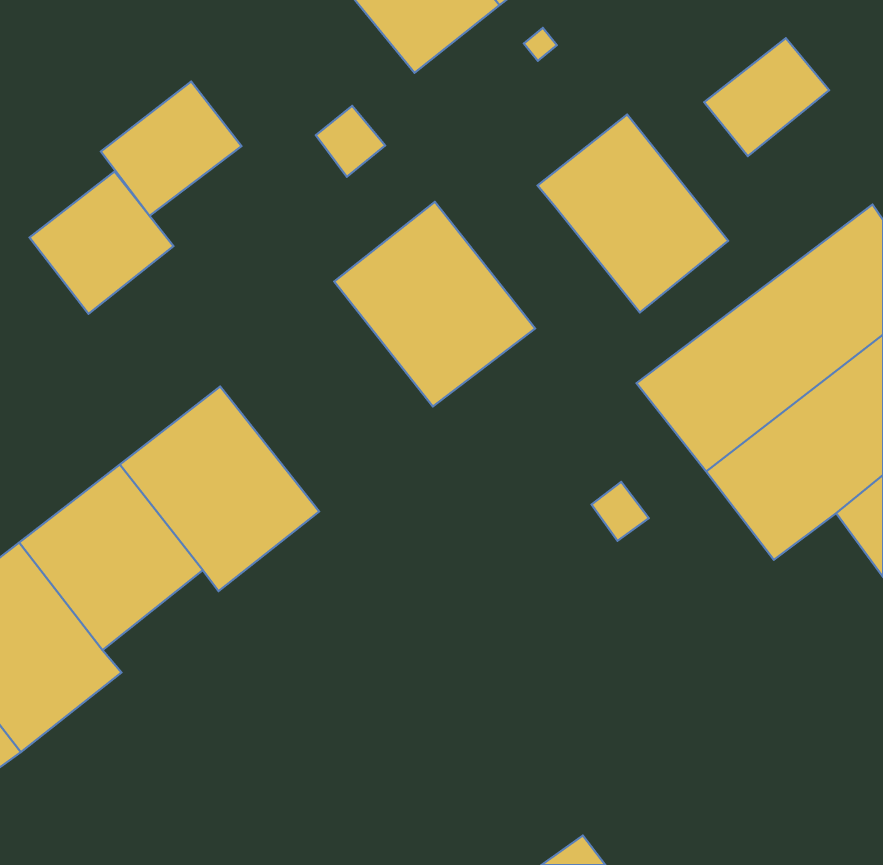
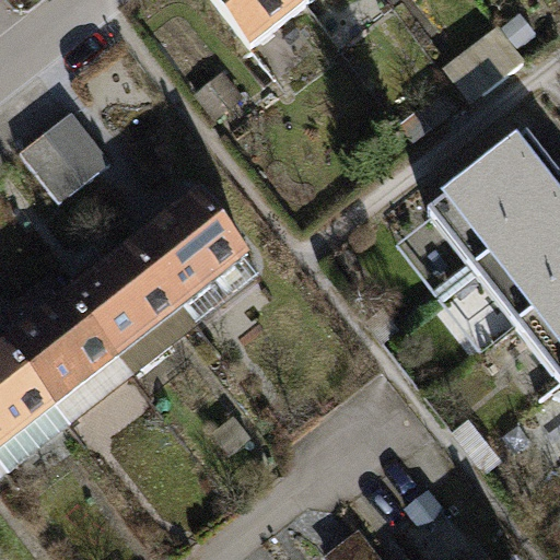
building: [101,82,241,216] -> none
building: [537,114,728,312] -> none
building: [334,202,535,406] -> [139,194,266,323]

